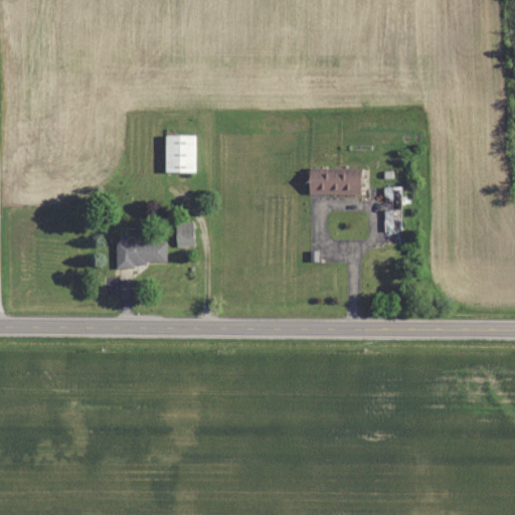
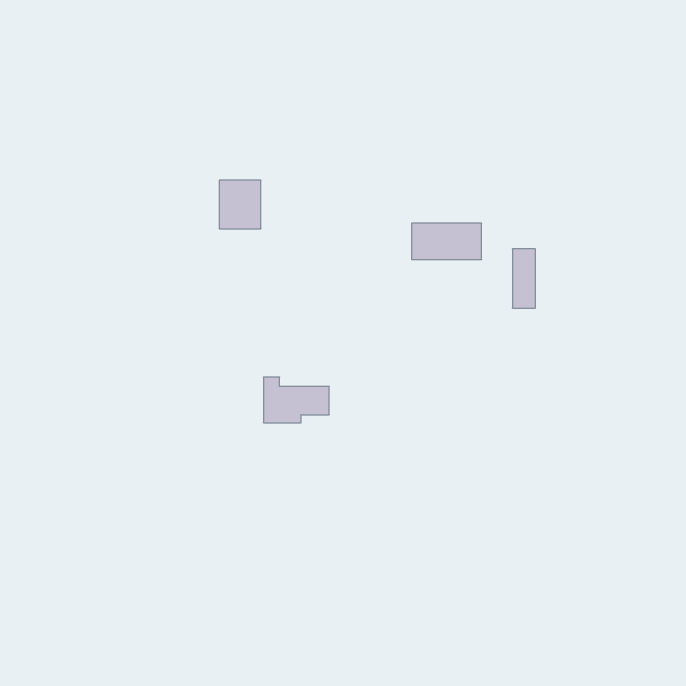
building: [176,223,193,247] -> none
building: [118,234,167,269] -> [263,377,329,423]

